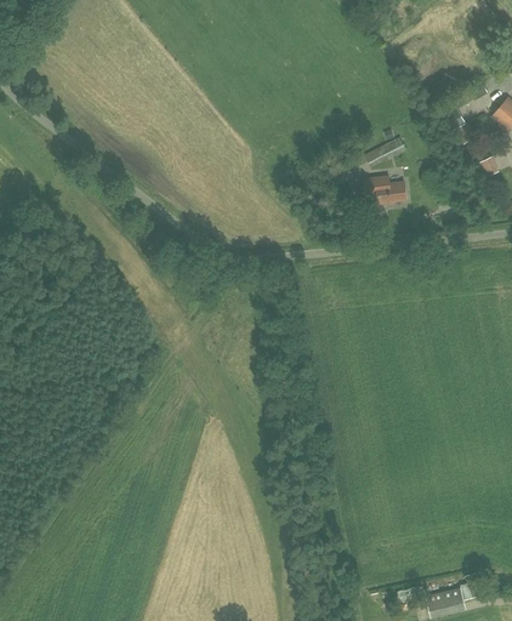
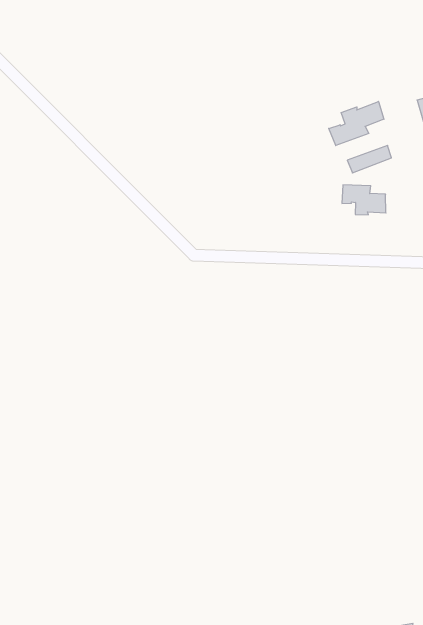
building: none -> [329,101,384,146]

